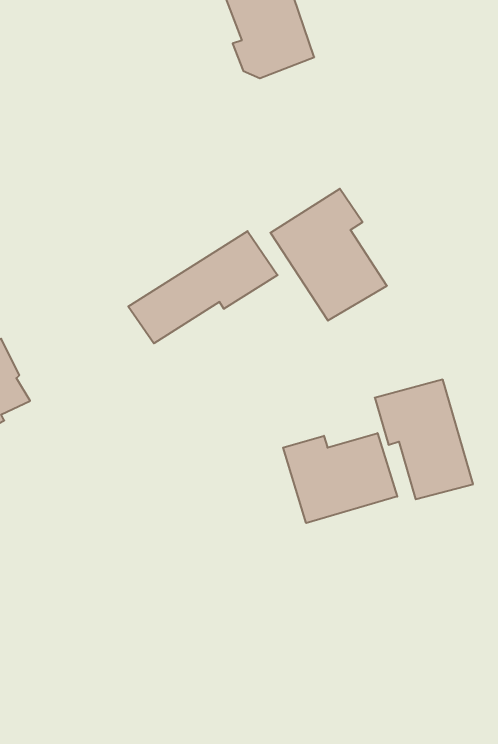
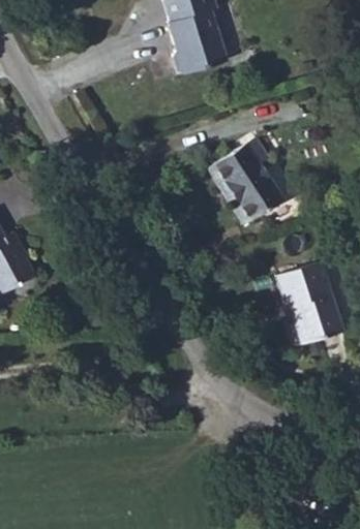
building: [128,231,278,343] -> none
building: [283,433,397,523] -> none

